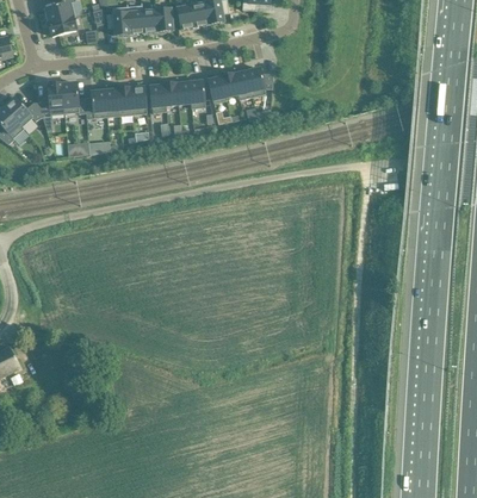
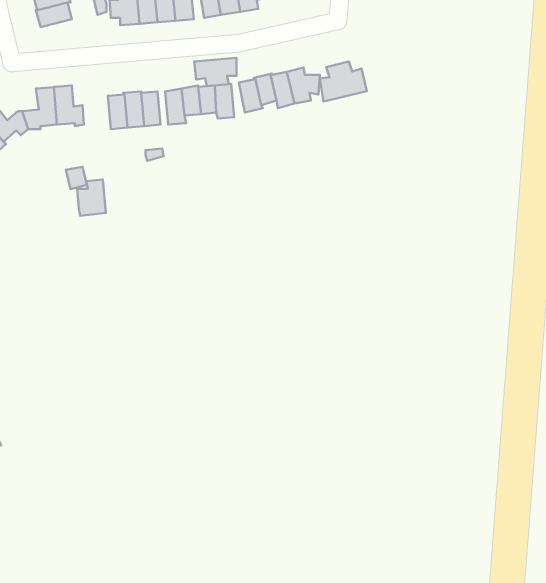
building: none -> [194,58,237,86]
building: none -> [320,62,367,101]
building: [85,89,107,118] -> [77,180,106,216]

